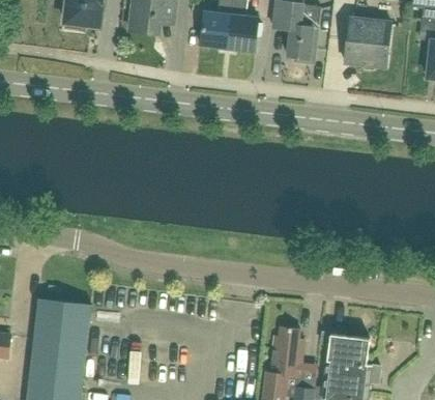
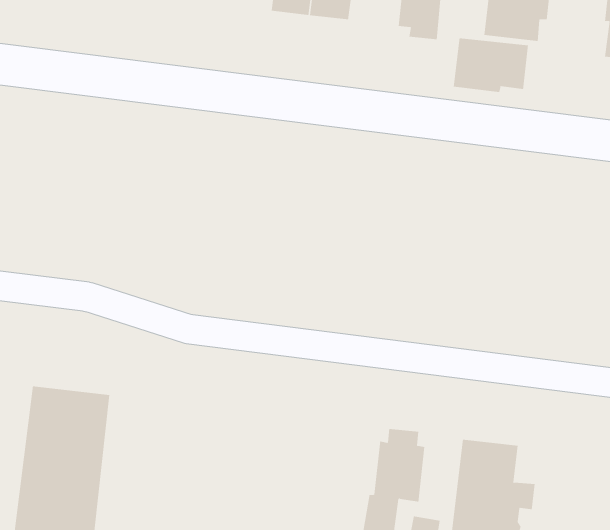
building: none -> [453,37,528,93]

